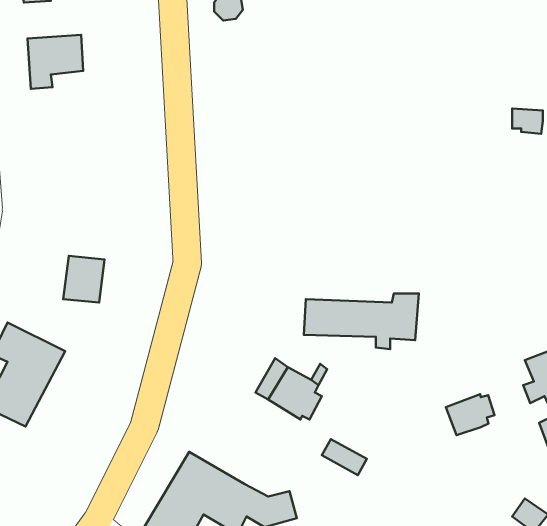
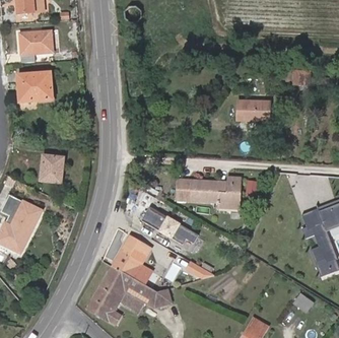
building: none -> [17,72,52,102]
building: none -> [238,100,269,121]
building: [446,394,494,435] -> none
building: none -> [112,234,155,284]

